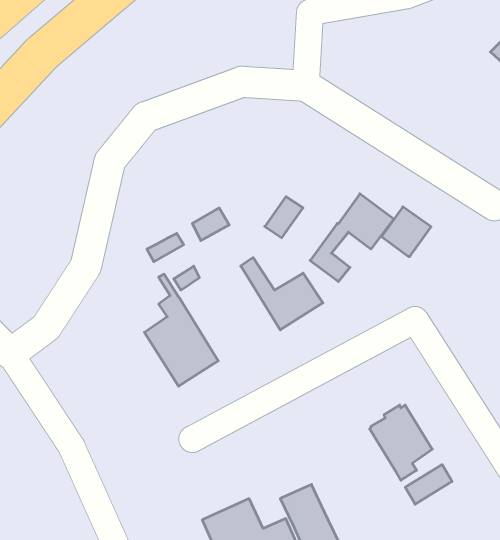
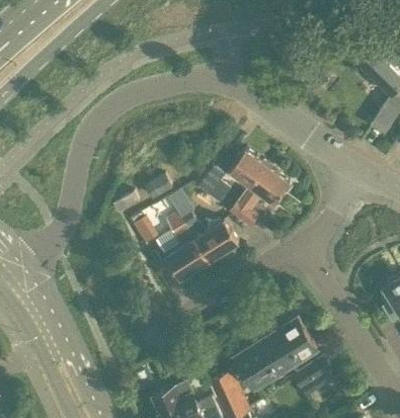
building: [381,207,431,256] -> [230,152,265,187]
building: [144,274,218,386] -> [156,201,209,281]
building: none -> [235,332,292,388]

